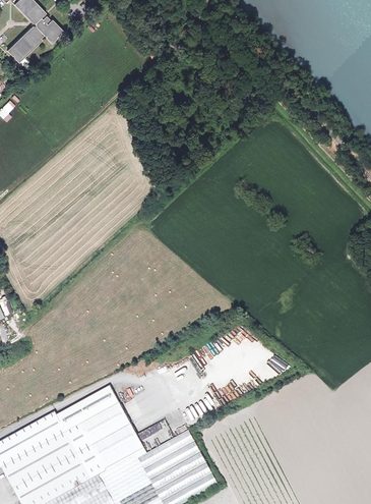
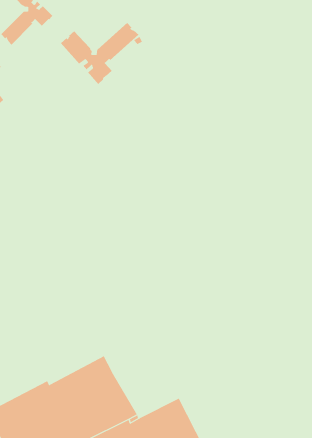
building: none -> [60,22,139,85]

